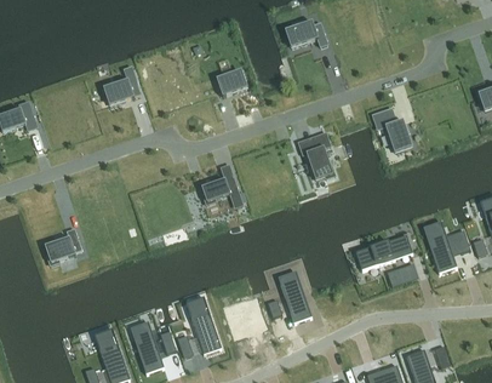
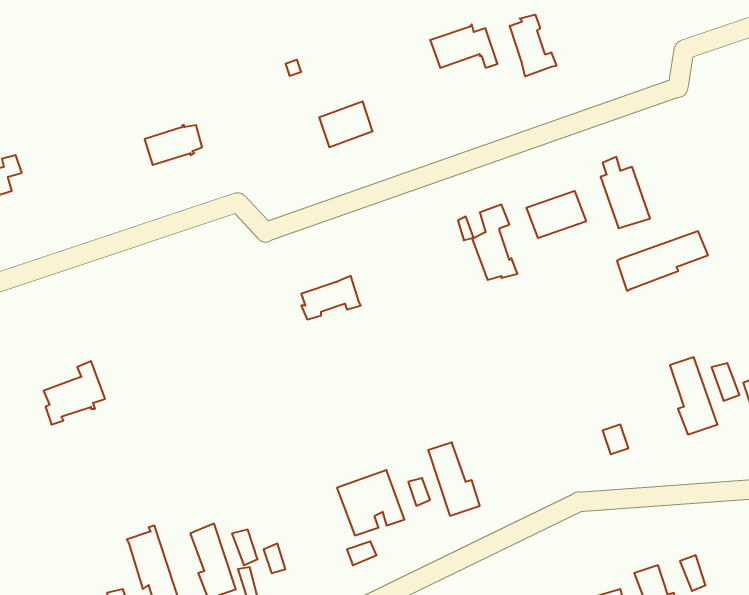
building: none -> [510,15,556,76]
building: none -> [526,191,586,238]
building: [355,234,411,270] -> [617,231,708,291]
building: [185,296,221,353] -> none

